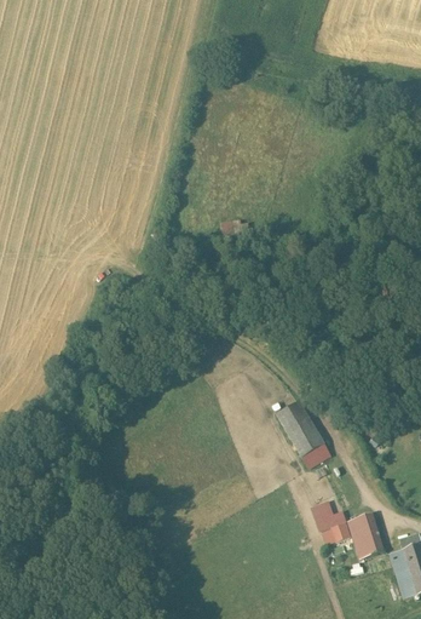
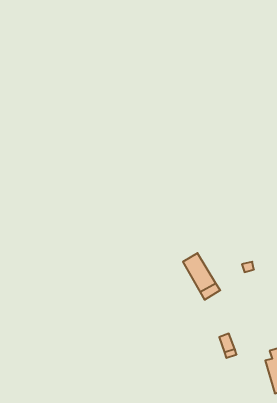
building: [347,512,382,557] -> none

